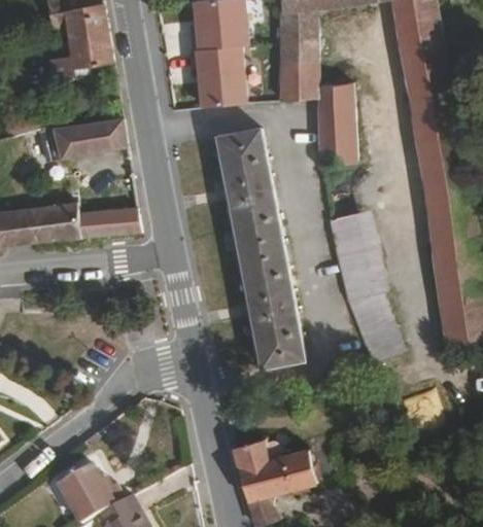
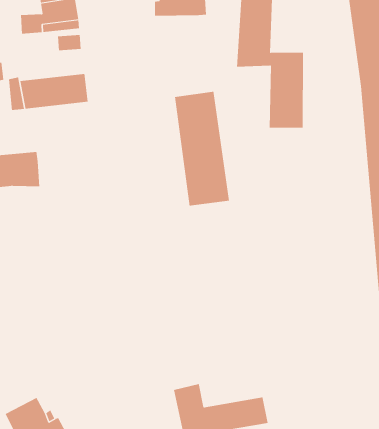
building: [189,48,243,108] -> none
building: [77,207,140,239] -> none
building: [330,213,396,360] -> none
building: [239,243,305,366] -> none

